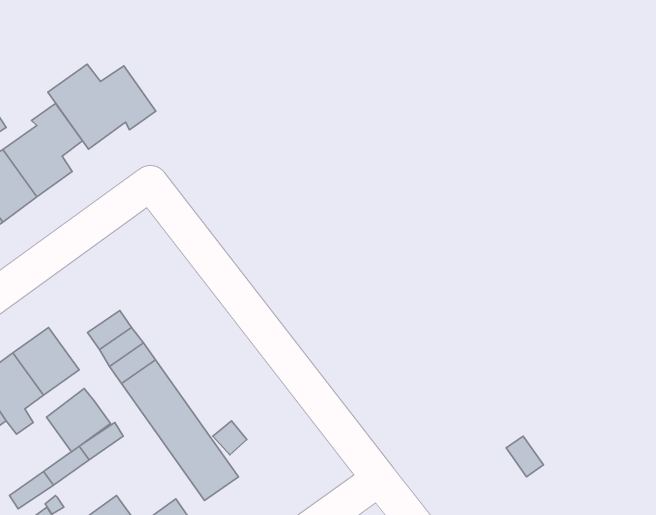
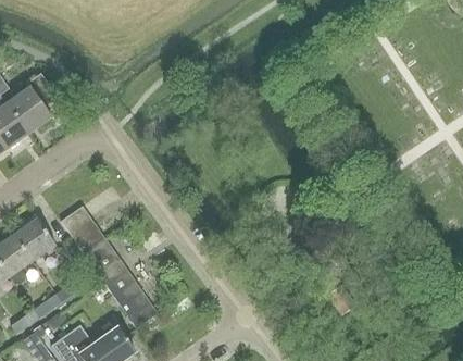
building: [48,64,156,149] -> none
building: [47,388,110,452] -> none

